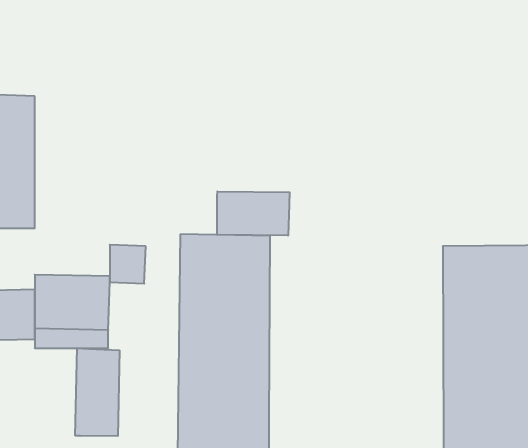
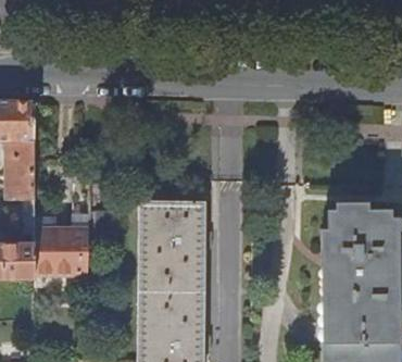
building: [217,191,290,236] -> none
building: [75,348,119,436] -> none

